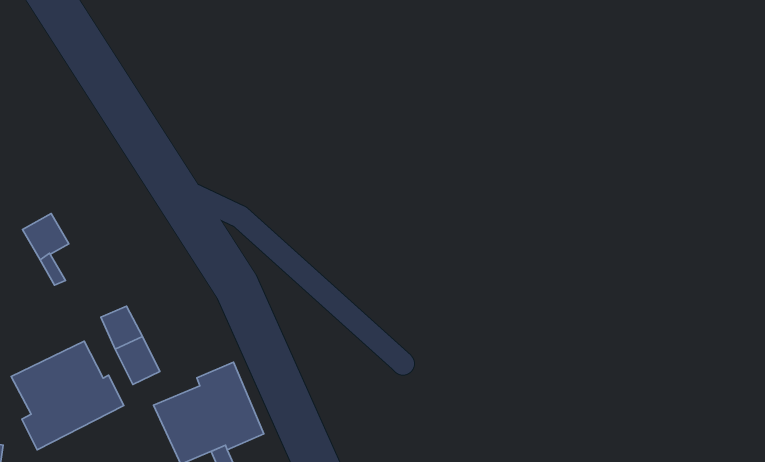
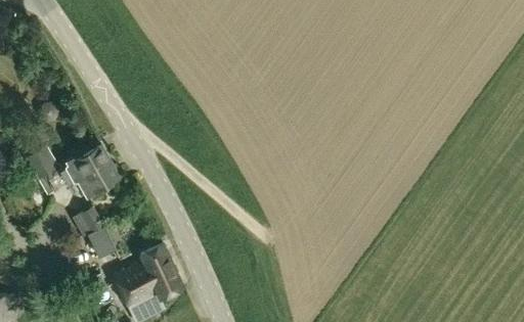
building: none -> [59,147,120,196]
building: [11,341,124,450] -> none

